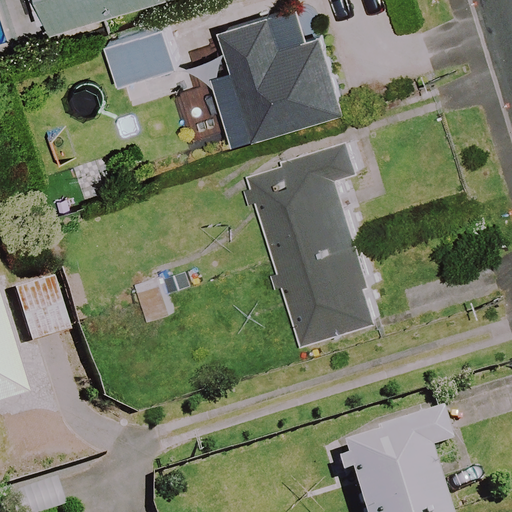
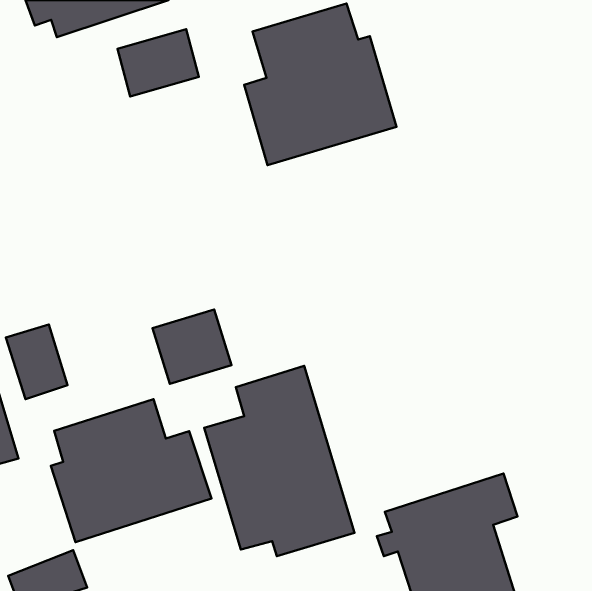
building: [249,148,380,354] -> none
building: none -> [204,366,354,556]
building: none -> [51,399,211,542]

